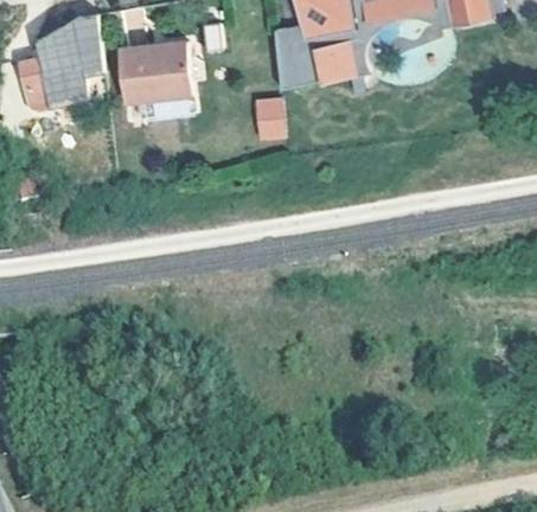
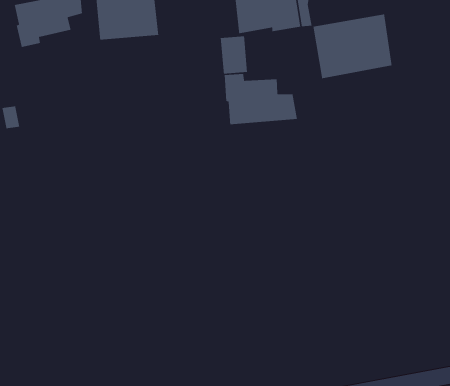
building: none -> [313,14,392,79]
building: none -> [224,73,298,125]

